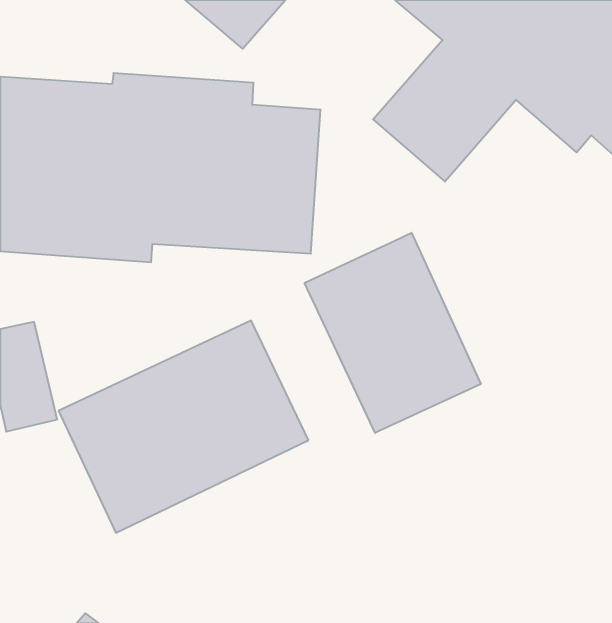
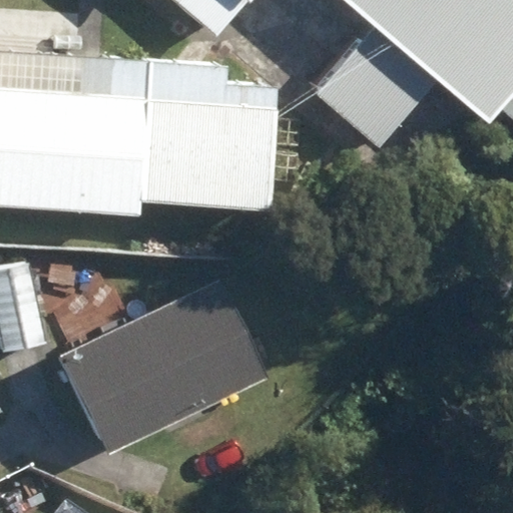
building: [305,233,481,433] -> none

